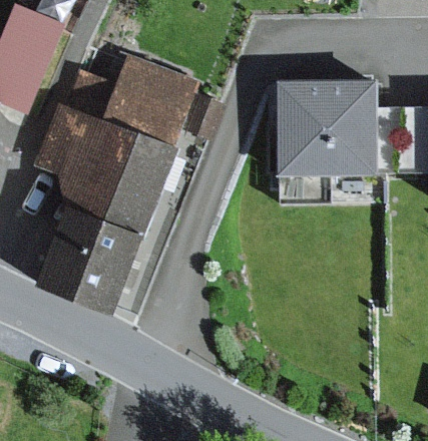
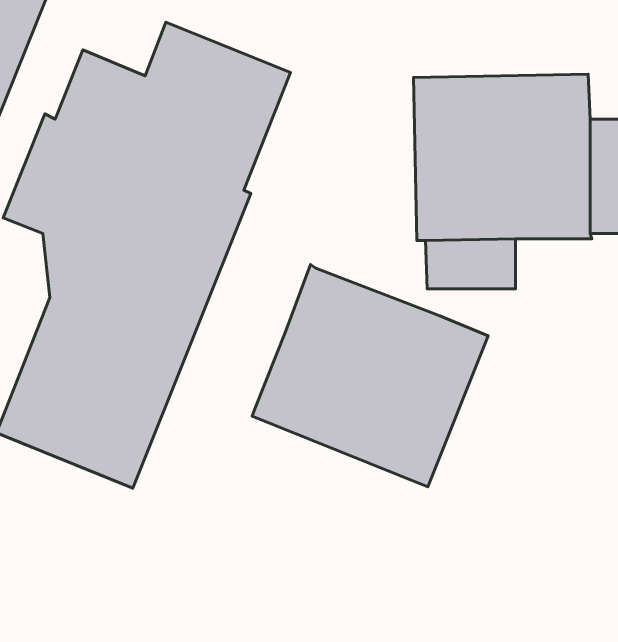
building: none -> [252,265,488,487]

